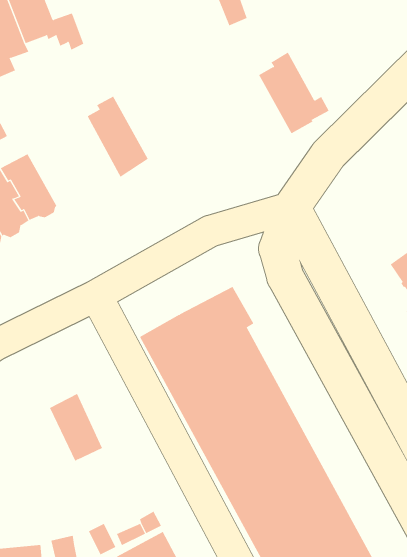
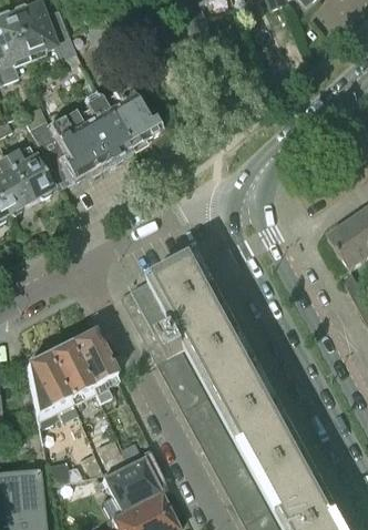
building: [256,52,330,134] -> [101,81,162,149]
building: none -> [30,110,106,186]
building: none -> [71,330,117,401]
building: none -> [27,355,78,429]

